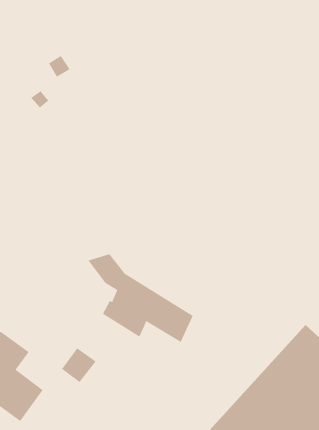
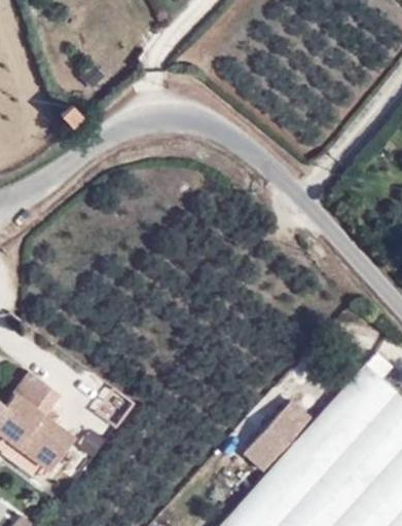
building: [88,253,194,343] -> none
building: none -> [243,403,308,473]

